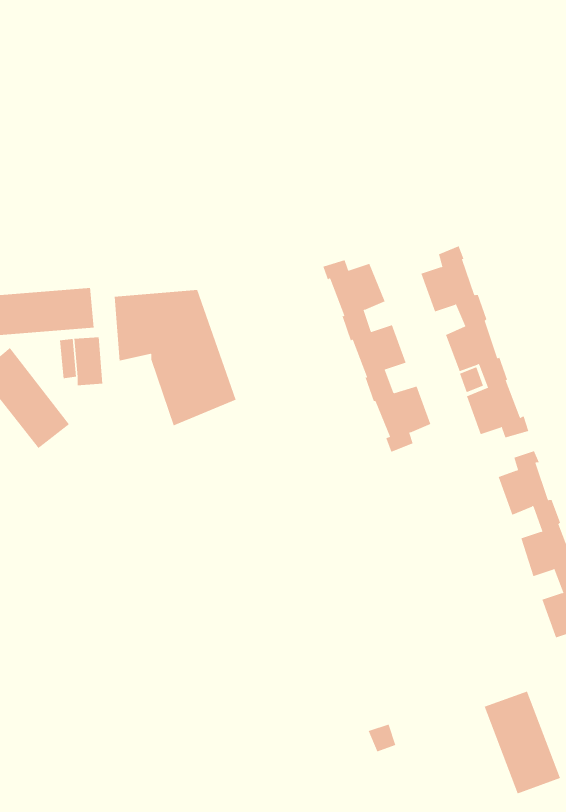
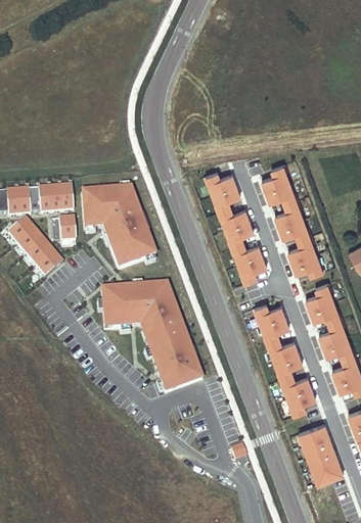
building: none -> [101,284,198,390]
building: none -> [253,302,315,416]

